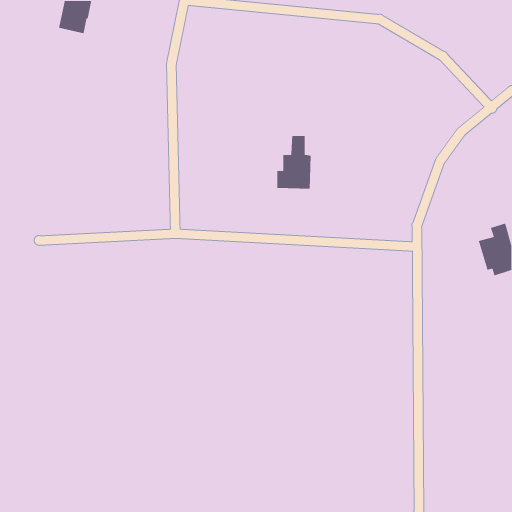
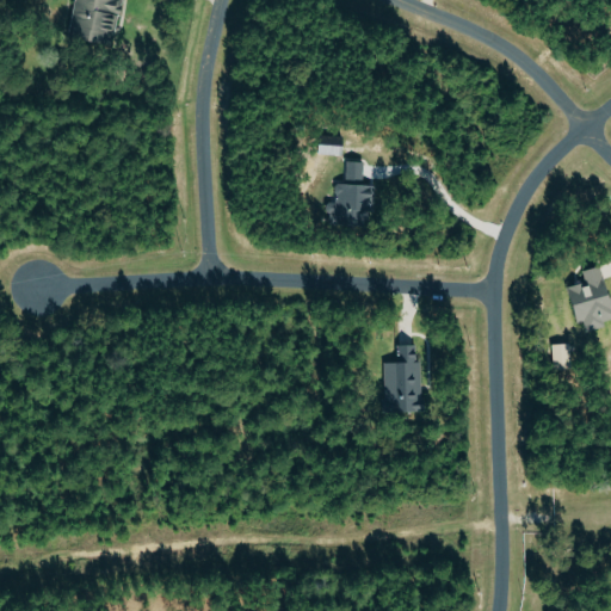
building: none -> [554,342,573,372]
building: none -> [385,344,421,412]

